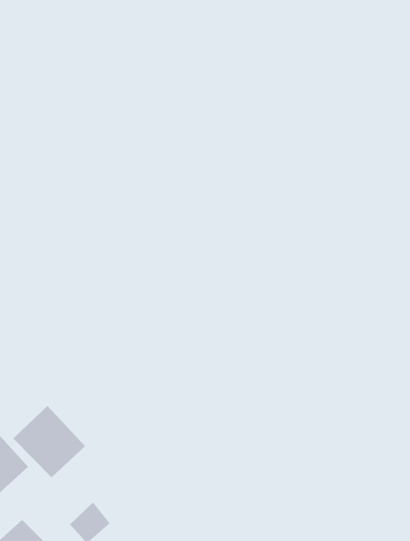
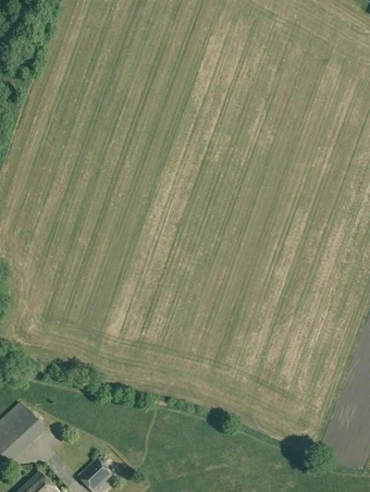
building: [13,405,86,478] -> none

